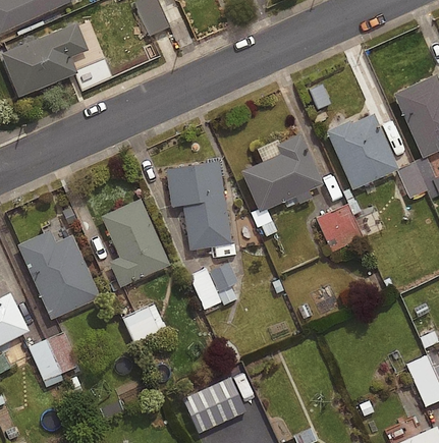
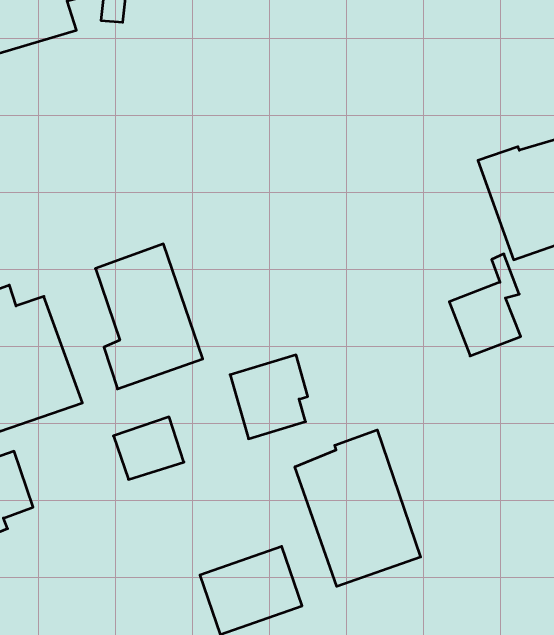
building: [241,134,323,212] -> none
building: [166,161,232,251] -> none
building: none -> [295,430,421,586]

